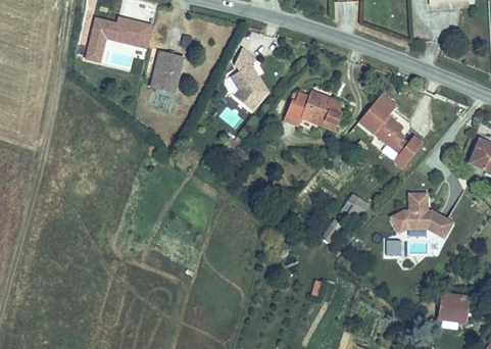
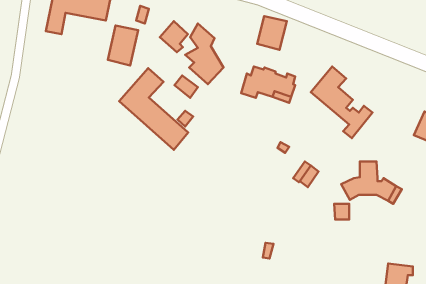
building: none -> [257,16,287,50]
building: none -> [160,21,188,52]
building: none -> [119,68,188,150]

